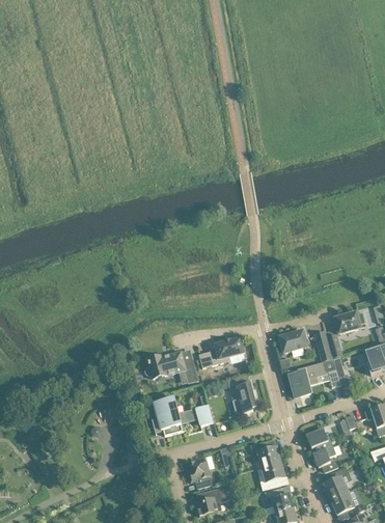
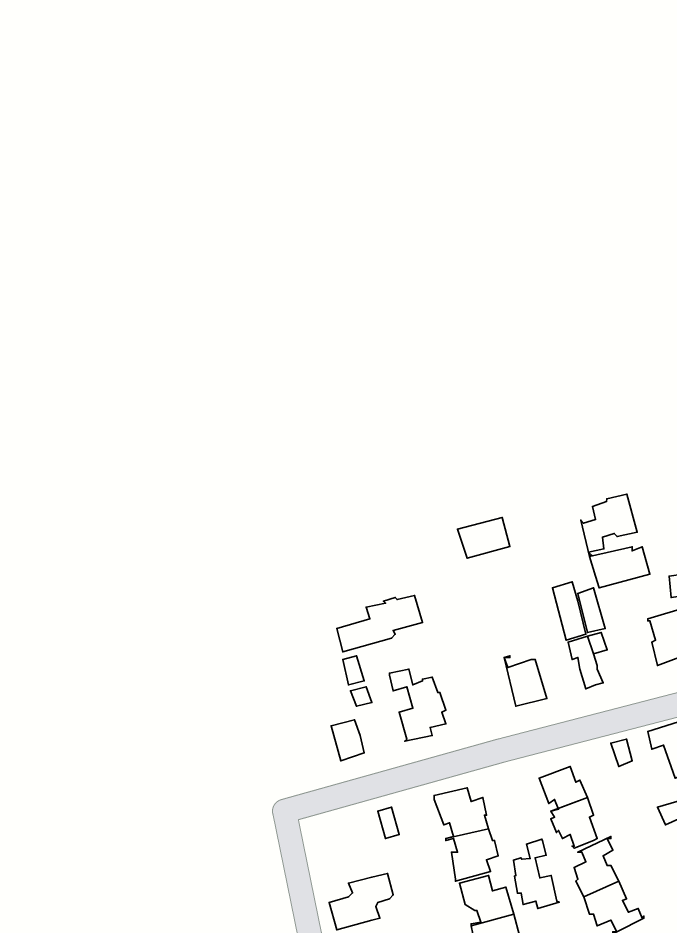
building: none -> [581,494,637,557]
building: [278,330,306,352] -> [457,517,510,558]
building: [144,351,197,382] -> none
building: [152,396,185,435] -> none
building: [186,458,213,488] -> none
building: none -> [513,839,559,908]

